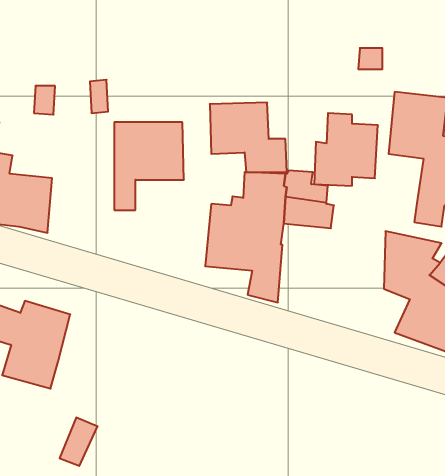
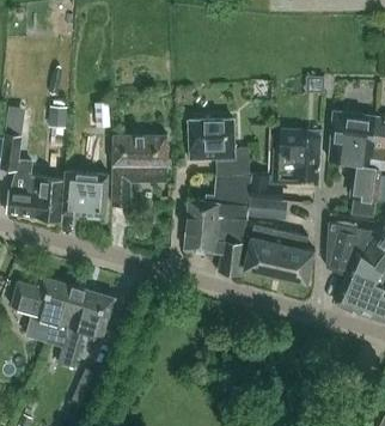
building: none -> [62,171,109,215]
building: none -> [244,224,314,282]
building: none -> [62,287,115,351]

